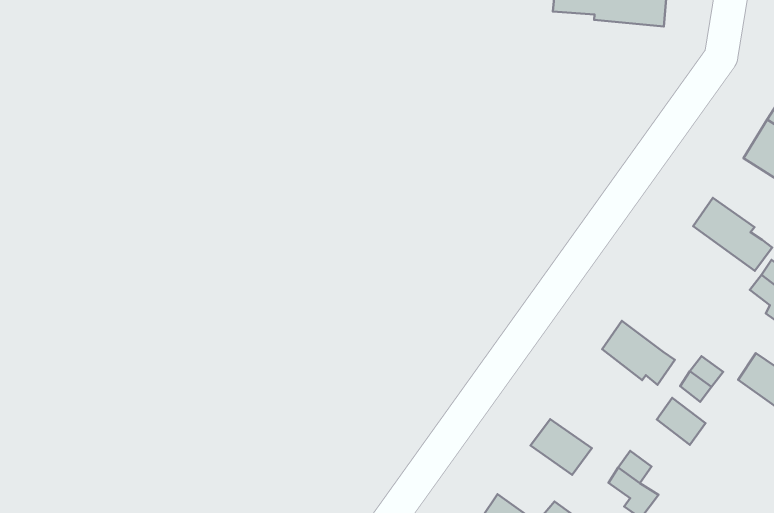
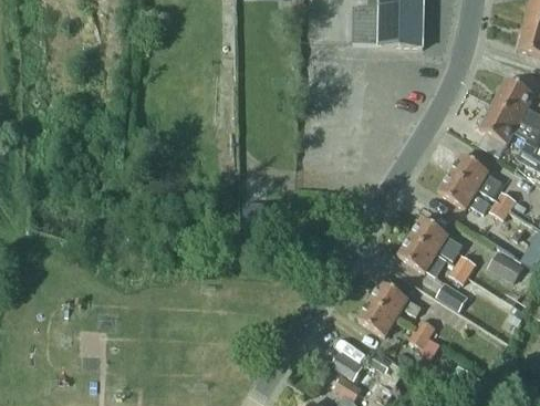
building: none -> [438,173,489,212]
building: none -> [409,217,463,260]
building: none -> [368,281,422,317]

